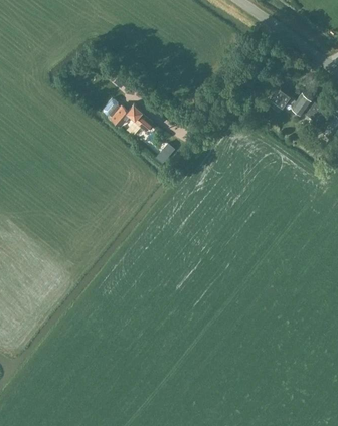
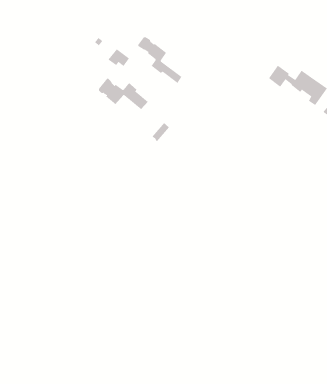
building: none -> [137,36,182,84]

